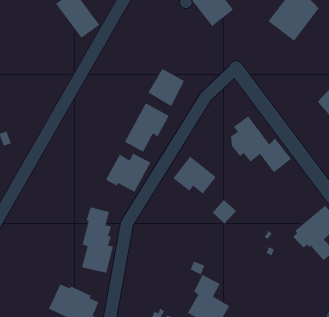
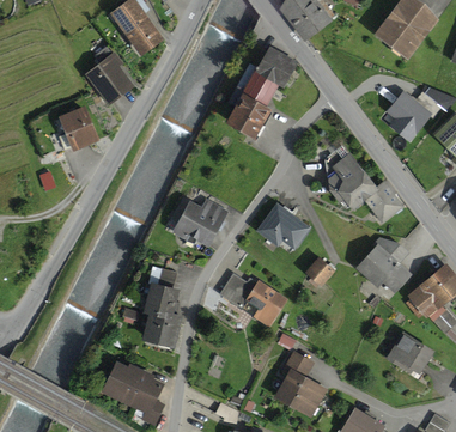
building: none -> [84,51,135,107]
building: none -> [387,91,439,142]
building: none -> [57,105,99,152]
building: [124,103,169,153] -> [242,44,298,107]
building: none -> [355,236,413,294]
building: none -> [217,272,287,328]
building: none -> [387,331,433,375]

